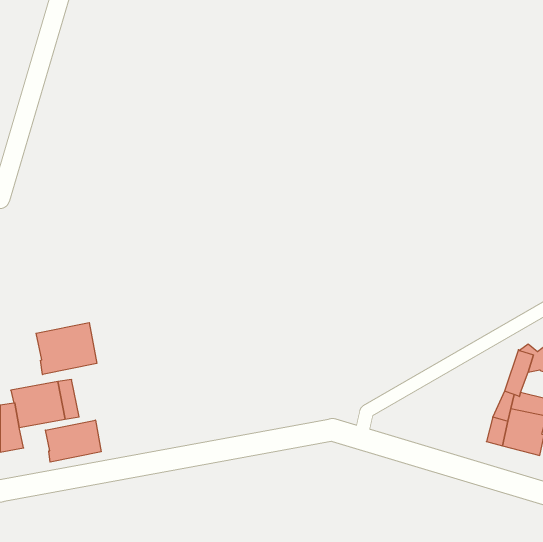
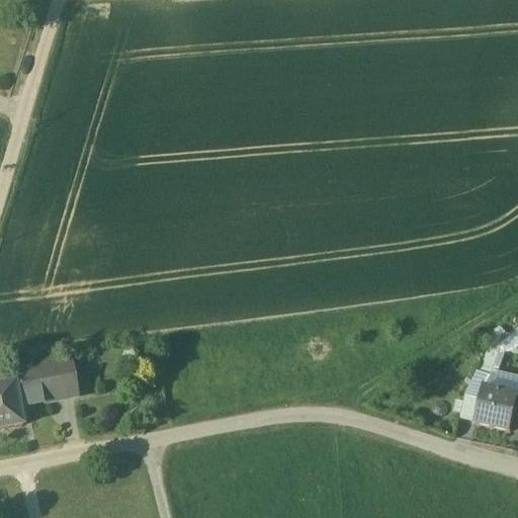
building: [36,323,97,375] -> none
building: [45,420,101,462] -> none

